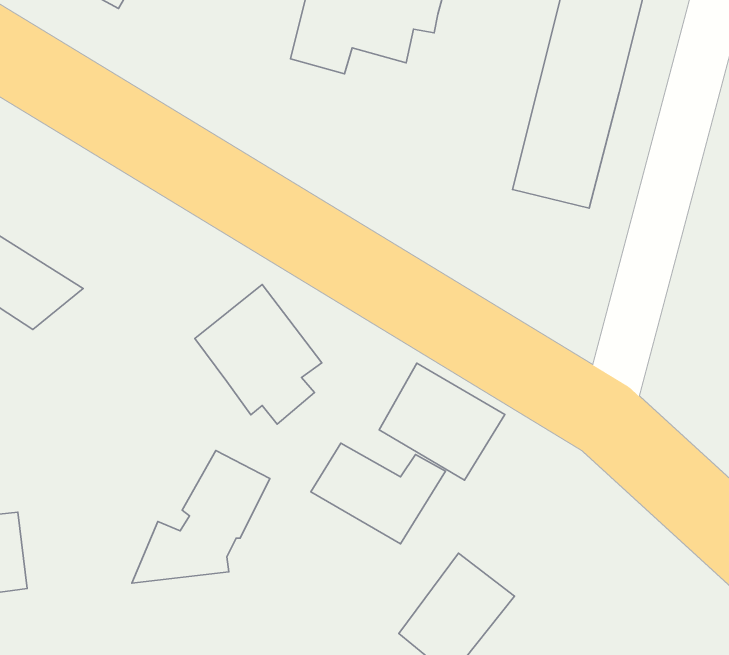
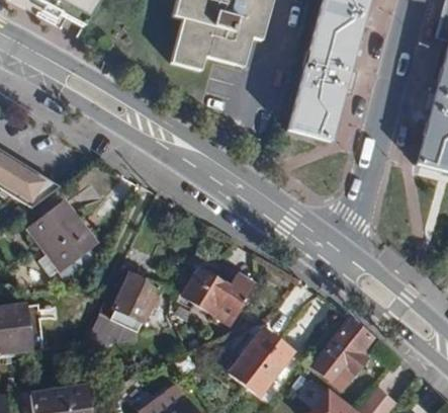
building: [195,284,322,424] -> [28,199,97,275]
building: [379,363,505,480] -> none
building: none -> [310,316,372,379]

